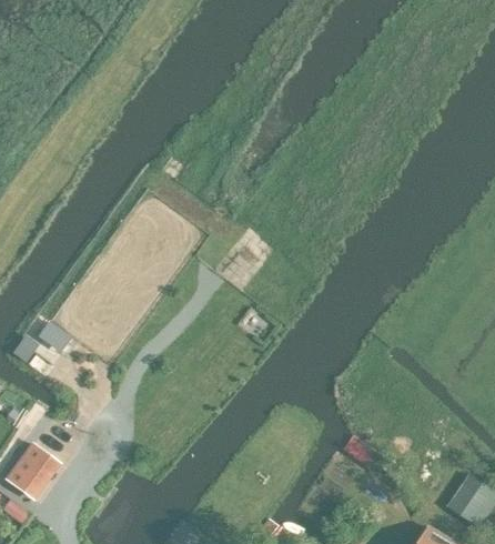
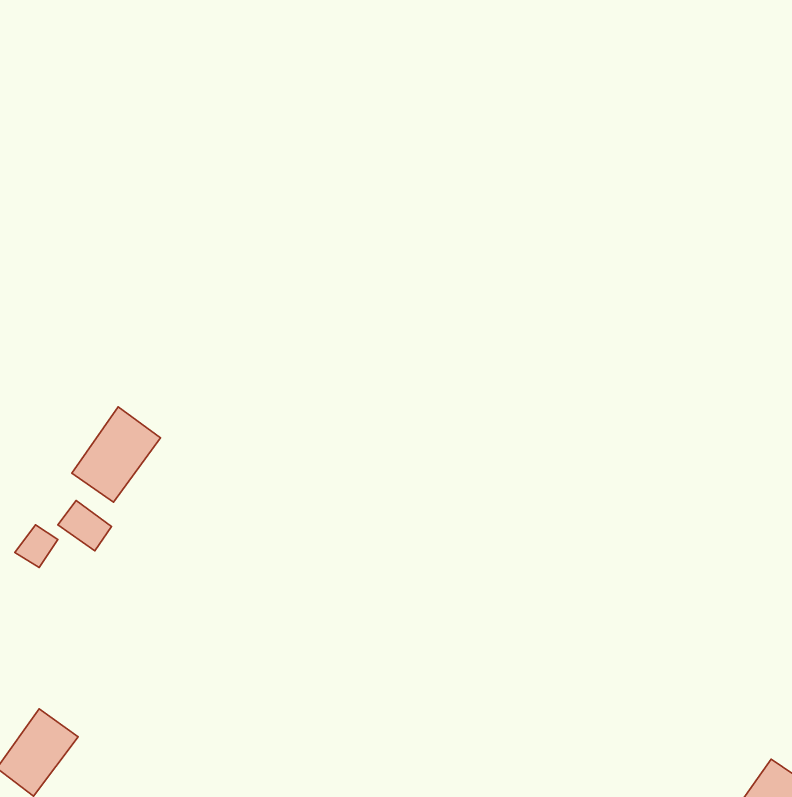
building: none -> [72,407,161,502]

